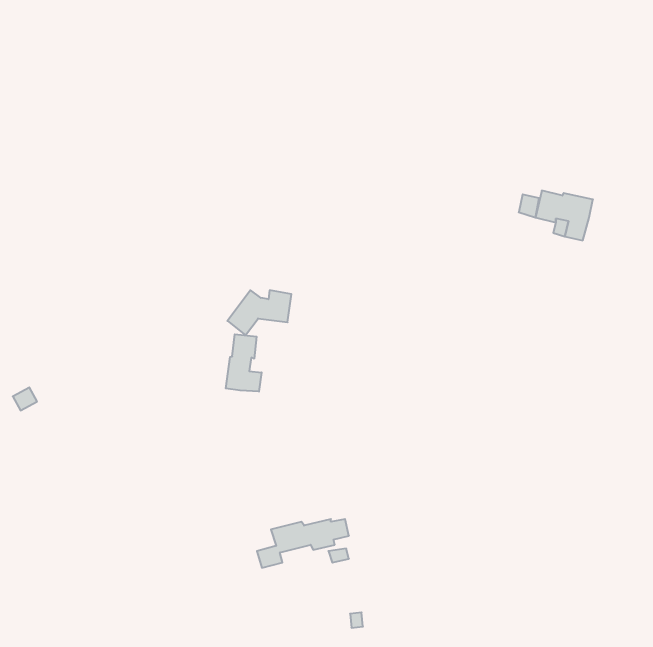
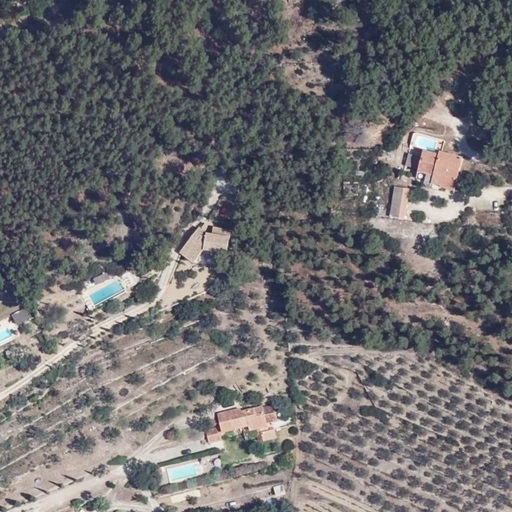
building: none -> [390,186,410,218]
building: [226,334,262,392] -> none

